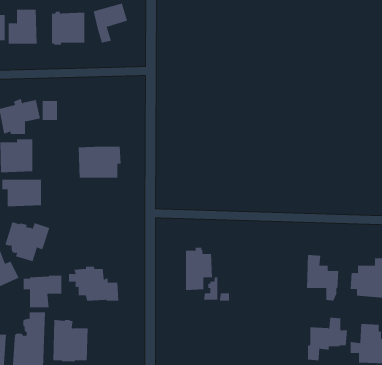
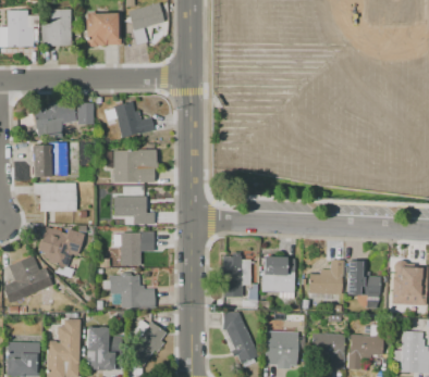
building: none -> [105,101,156,138]
building: none -> [114,197,155,225]
building: none -> [262,256,295,299]
building: none -> [309,260,344,300]
building: [23,275,62,308] -> [114,231,155,265]
building: none -> [222,312,259,367]
building: none -> [128,321,167,366]
building: none -> [263,321,298,366]
building: none -> [311,334,345,368]

